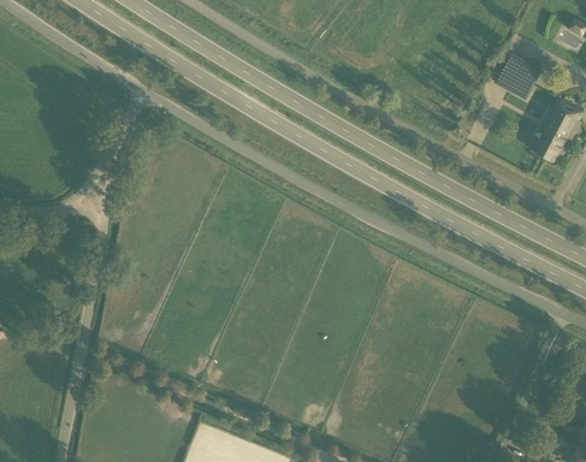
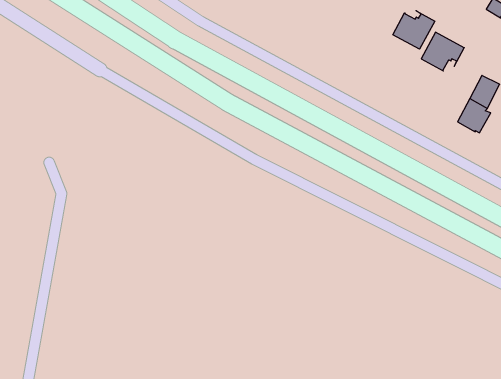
building: none -> [393,11,435,49]

